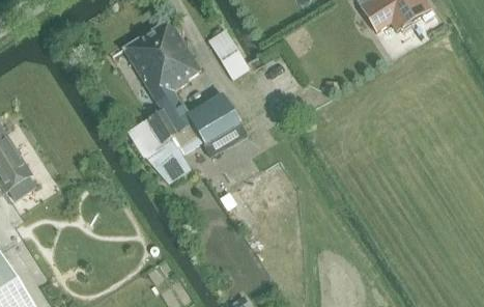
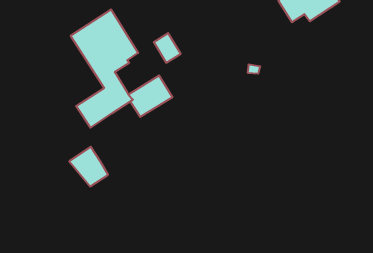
building: [201,118,247,156] -> none
building: [144,137,189,183] -> [69,147,108,186]

